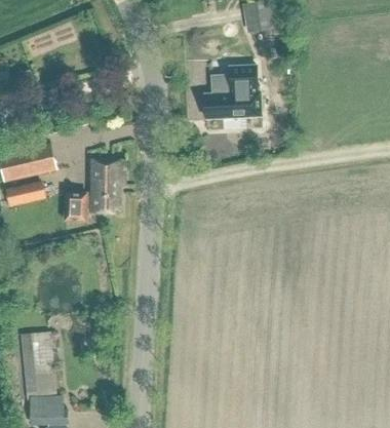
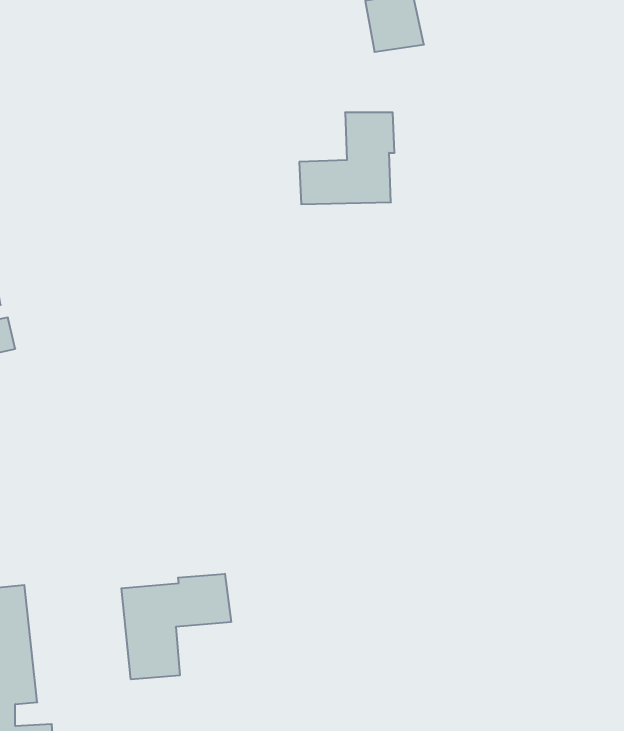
building: [64,157,125,219] -> none
building: none -> [121,574,231,679]

